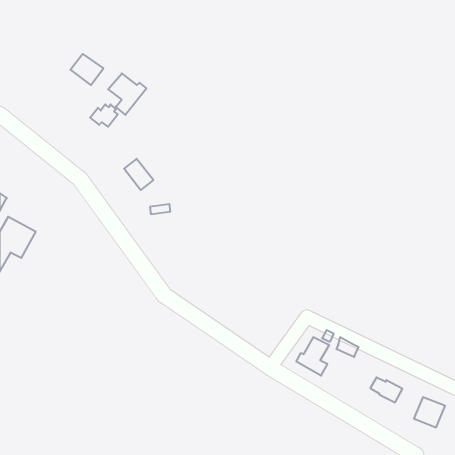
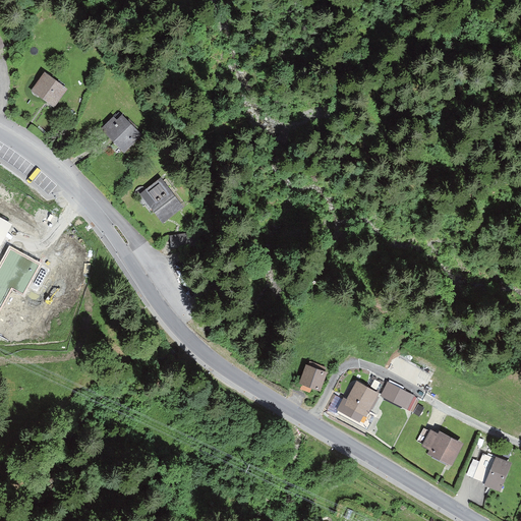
building: [70,54,103,85] -> [30,71,67,107]
building: [108,73,146,115] -> none
building: none -> [299,361,324,392]

